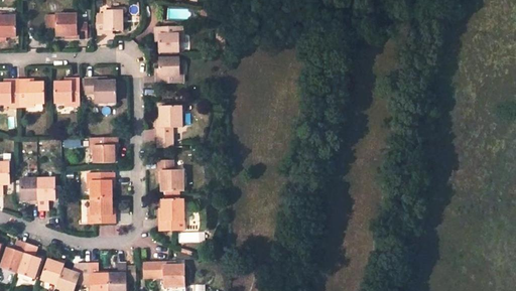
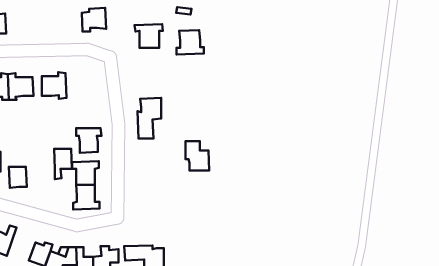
building: [54,14,87,38] -> none
building: [154,57,183,84] -> [176,30,204,55]
building: [84,78,116,102] -> none
building: [157,160,182,191] -> [186,141,209,171]
building: [36,178,55,210] -> [54,149,72,179]
building: [158,198,182,231] -> none
building: [16,243,40,279] -> none

